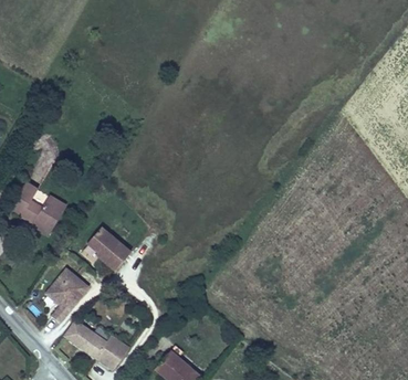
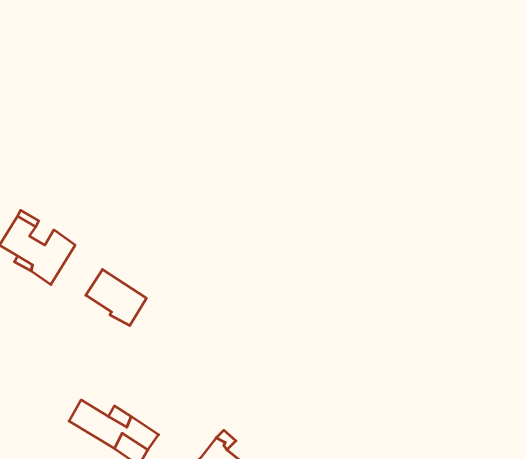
building: [40,271,82,325] -> none

